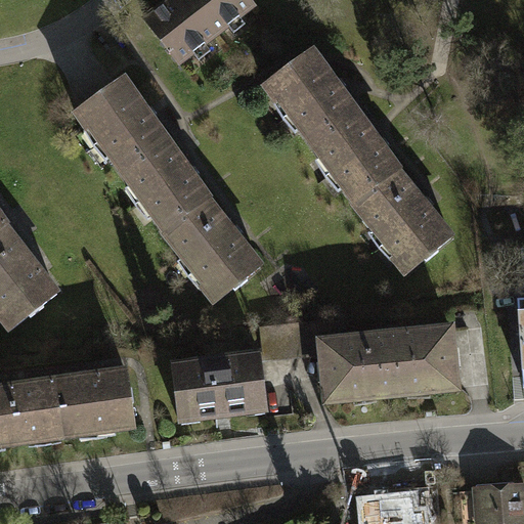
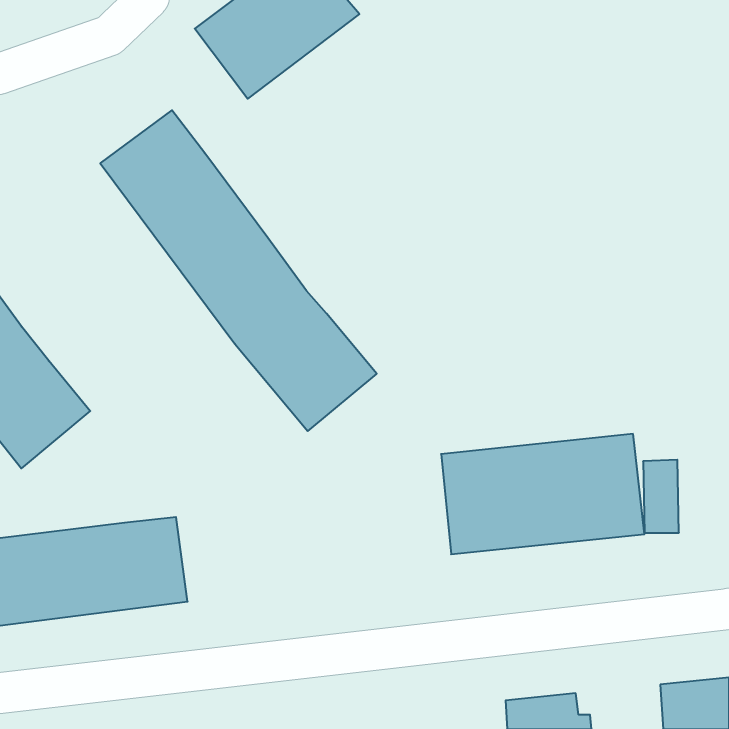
building: [257,37,456,274] -> none
building: [170,354,267,424] -> none

